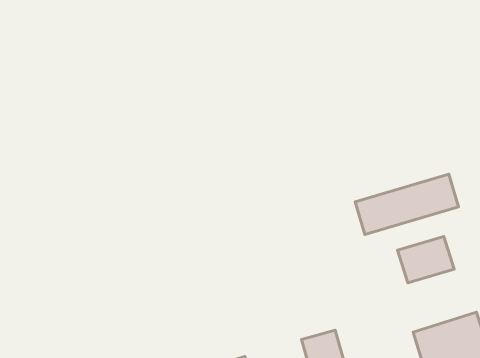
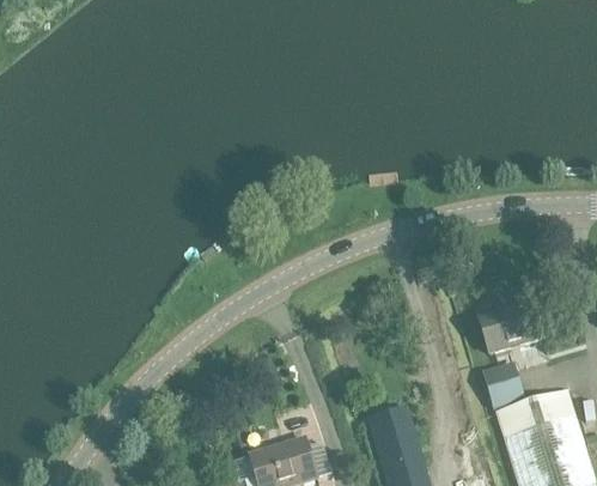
building: [355,174,459,234] -> none
building: none -> [483,358,522,407]

